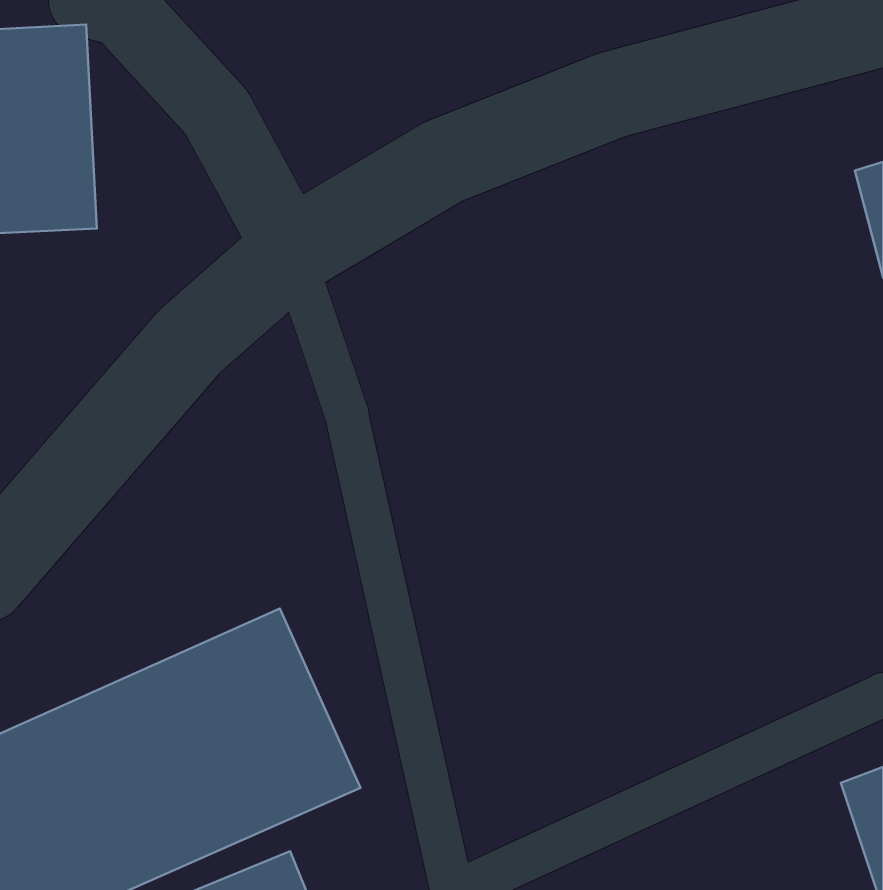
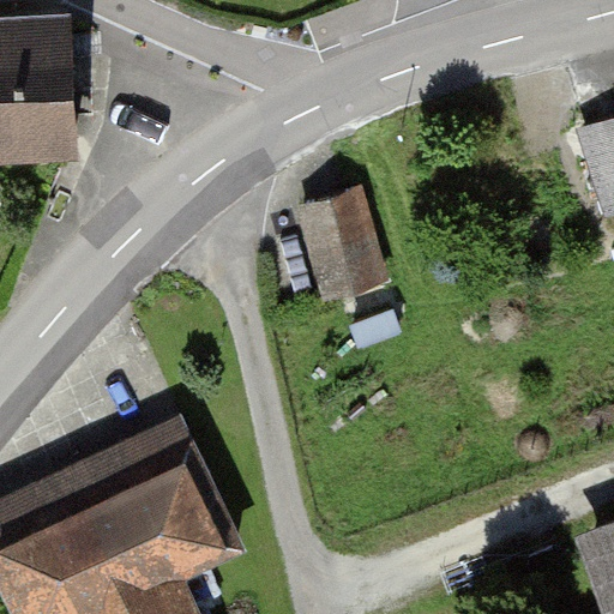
building: none -> [297,189,390,300]

